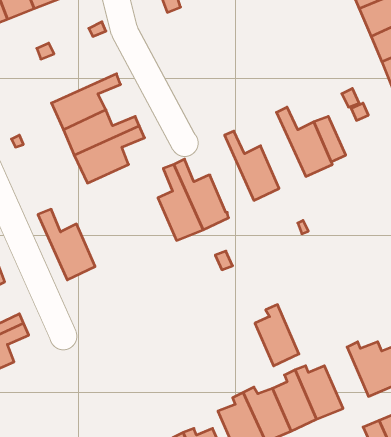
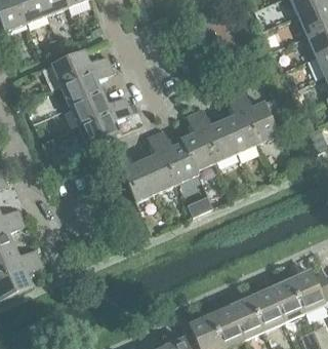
building: none -> [51,50,111,87]
building: none -> [221,94,256,153]
building: none -> [179,112,216,171]
building: [38,209,95,280] -> [113,149,157,203]
building: [255,305,299,366] -> [271,275,304,322]

